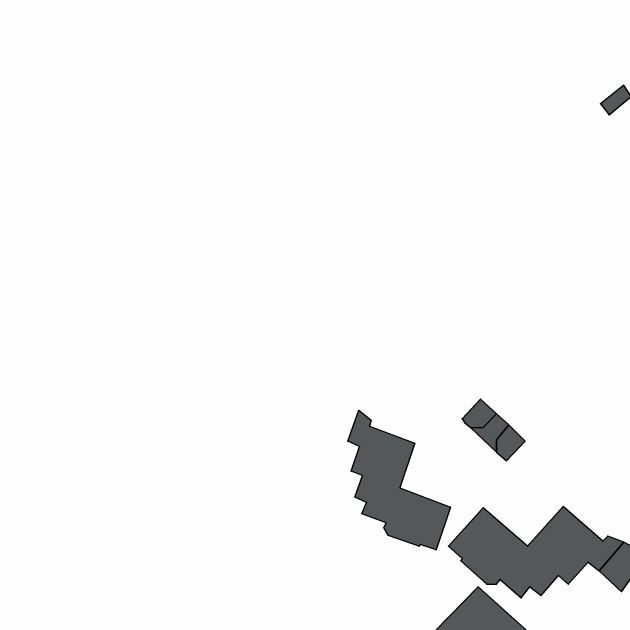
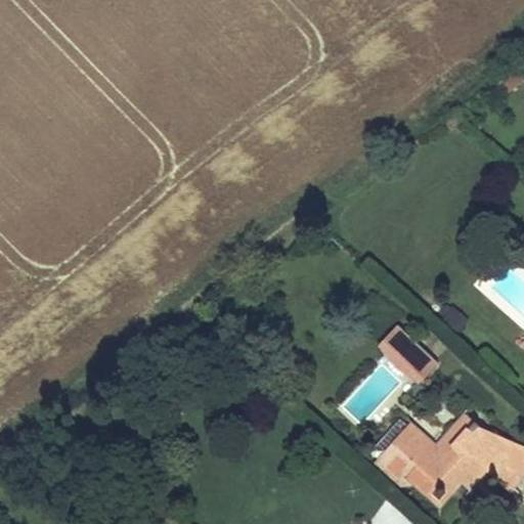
building: [348,410,450,550] -> none

